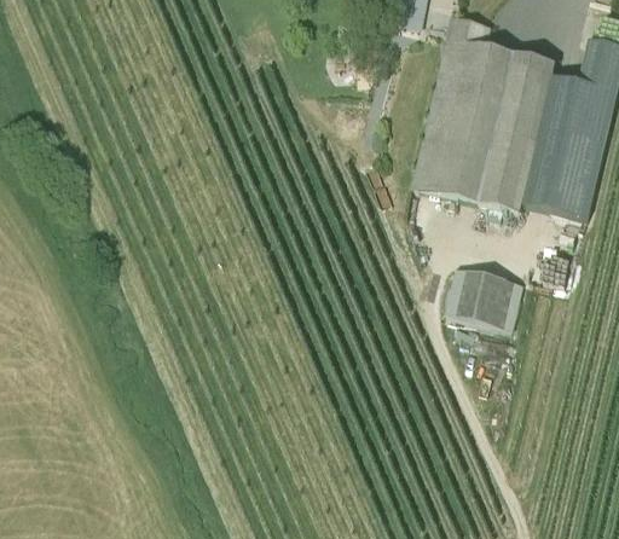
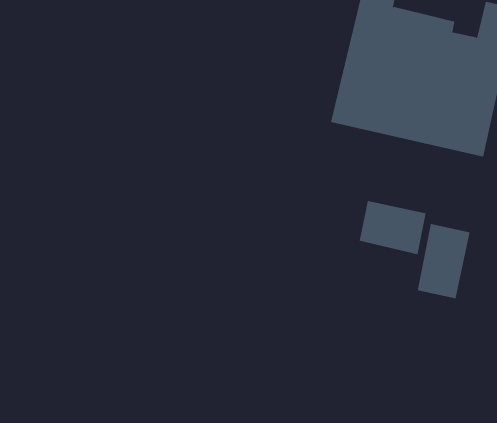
building: none -> [417,223,470,299]

